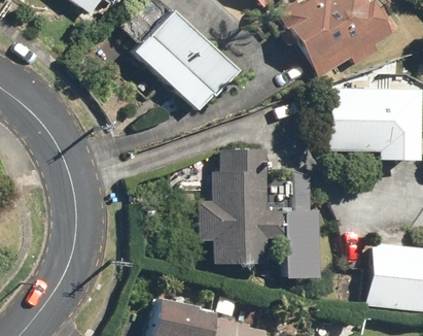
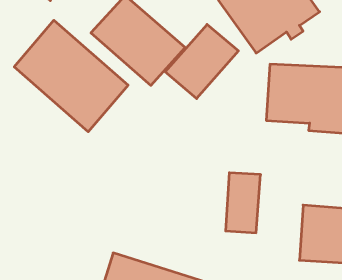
building: none -> [14,20,128,132]
building: none -> [165,24,238,99]
building: [200,148,281,264] -> none

